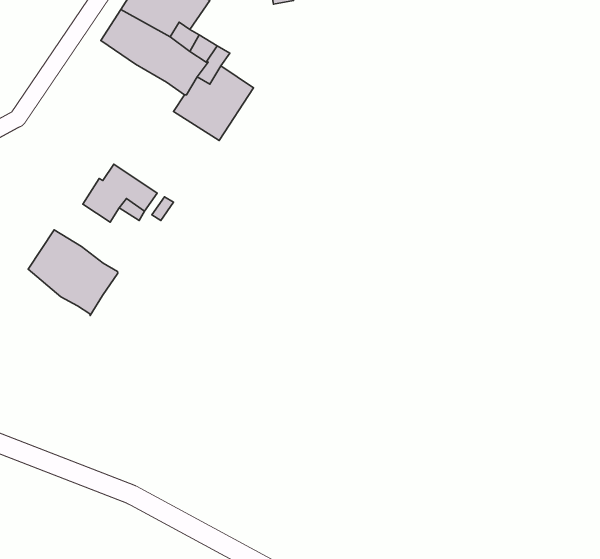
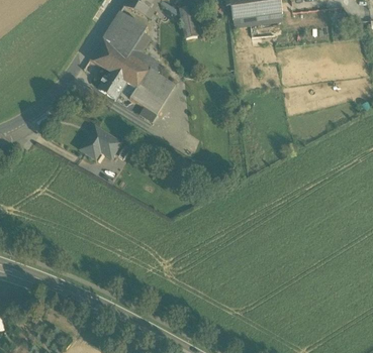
building: none -> [98,72,126,99]
building: [28,230,118,315] -> none

